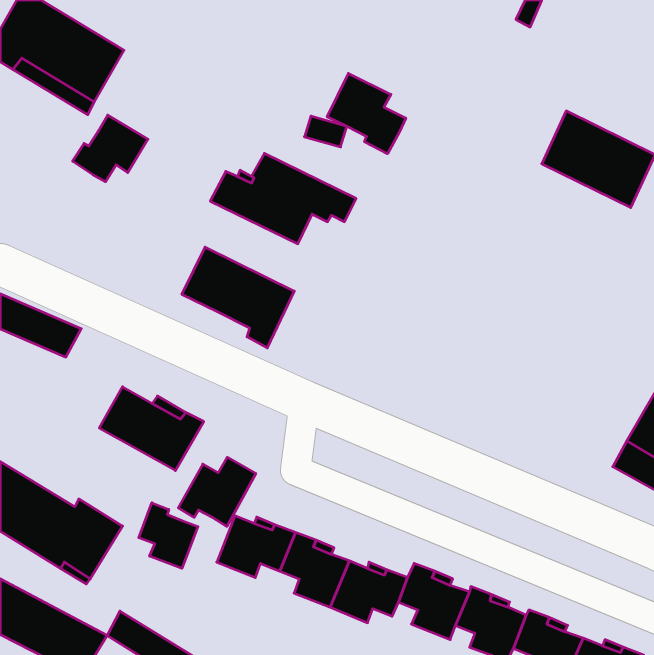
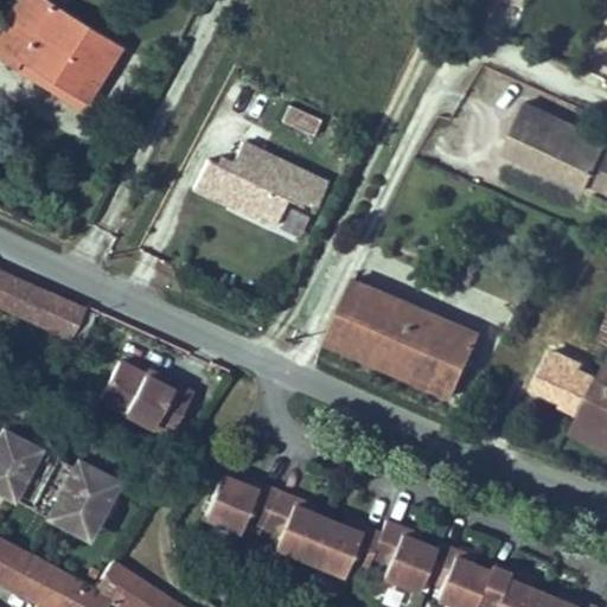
building: [327,73,406,154] -> none
building: [73,115,148,182] -> none
building: [182,247,294,348] -> none
building: none -> [328,282,477,400]
building: none -> [533,351,599,409]
building: [178,457,256,526] -> none
building: [139,503,198,568] -> none

